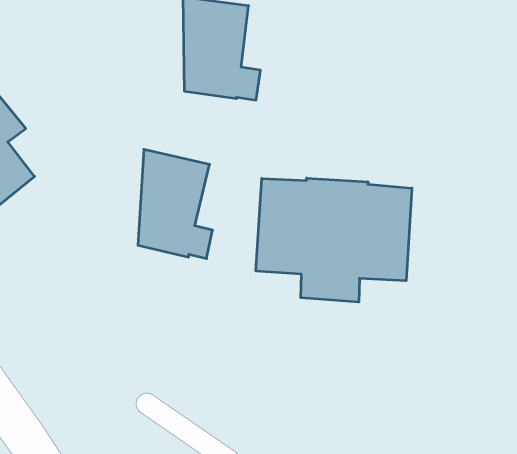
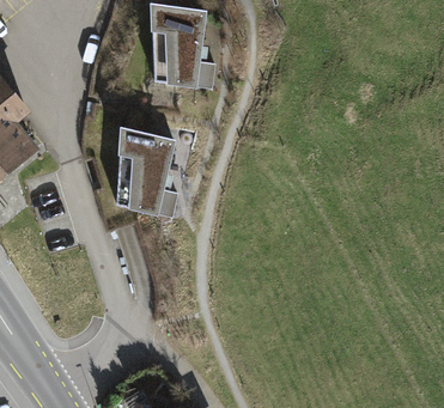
building: [256,178,412,302] -> none

